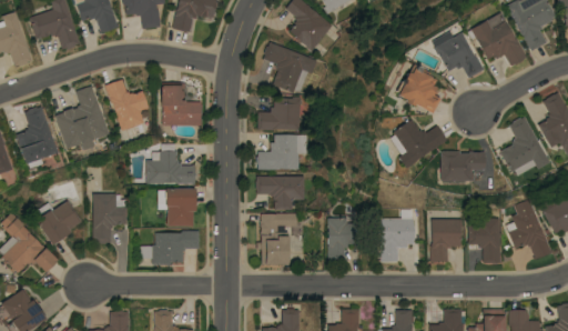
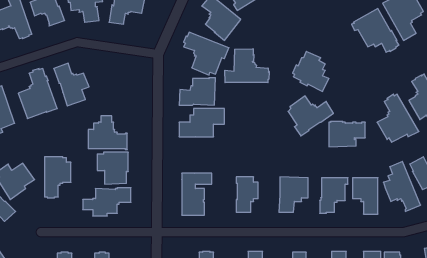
building: [432,31,484,78] -> none
building: none -> [225,49,269,83]
building: [161,82,201,126] -> none
building: [255,175,305,210] -> none

